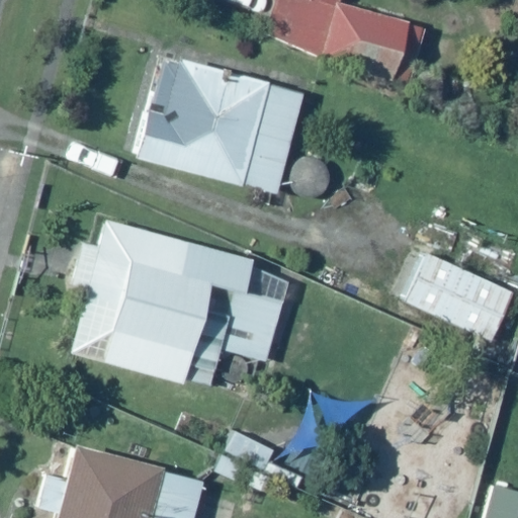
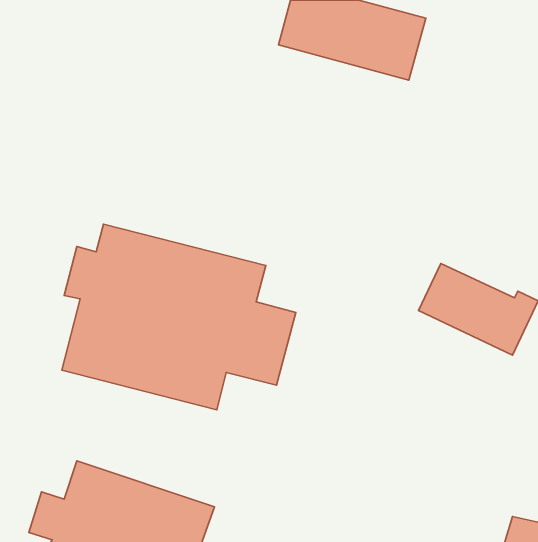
building: [133,53,309,196] -> none

